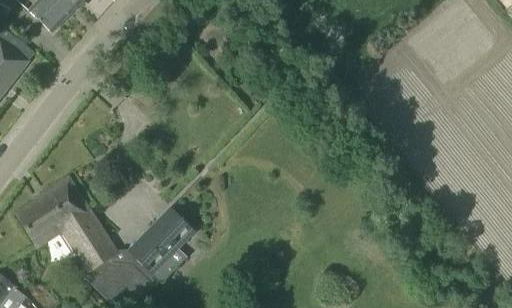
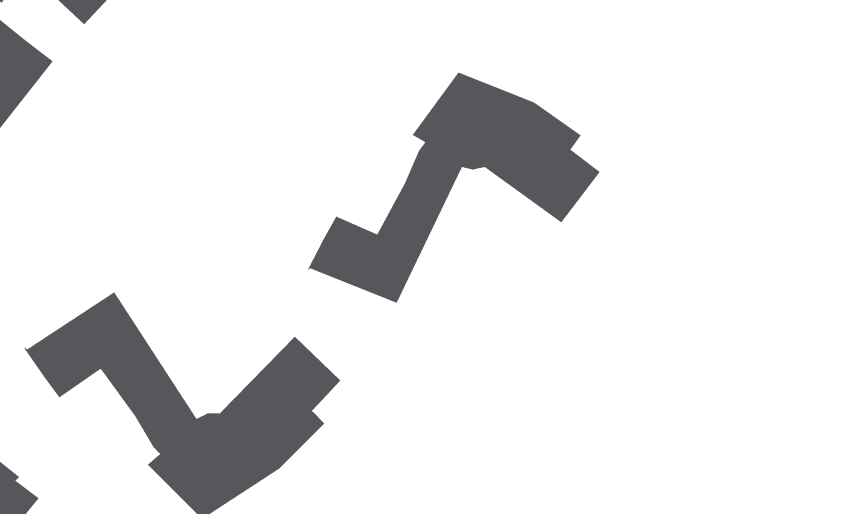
building: none -> [307,71,601,304]

